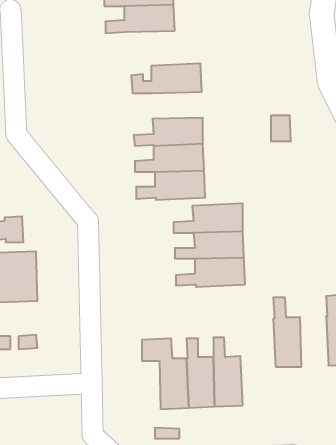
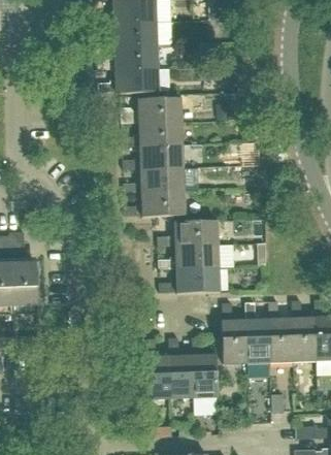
building: none -> [98,67,159,93]
building: none -> [122,121,184,144]
building: none -> [269,300,294,362]
building: none -> [222,301,247,363]

